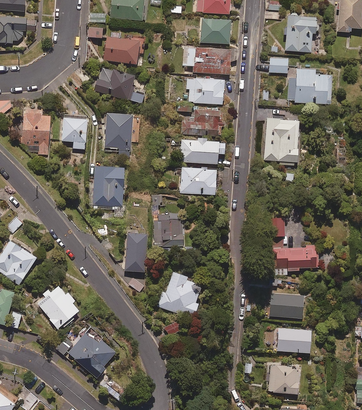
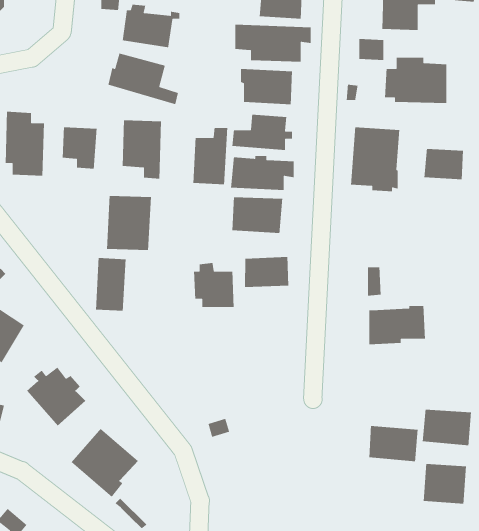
building: none -> [192,127,228,185]
building: none -> [424,148,464,180]
building: none -> [244,256,289,288]
building: [125,233,147,271] -> [95,257,126,312]
building: [157,271,202,315] -> none
building: [269,292,304,318] -> [422,409,472,446]
building: [269,364,300,393] -> [423,463,467,504]

